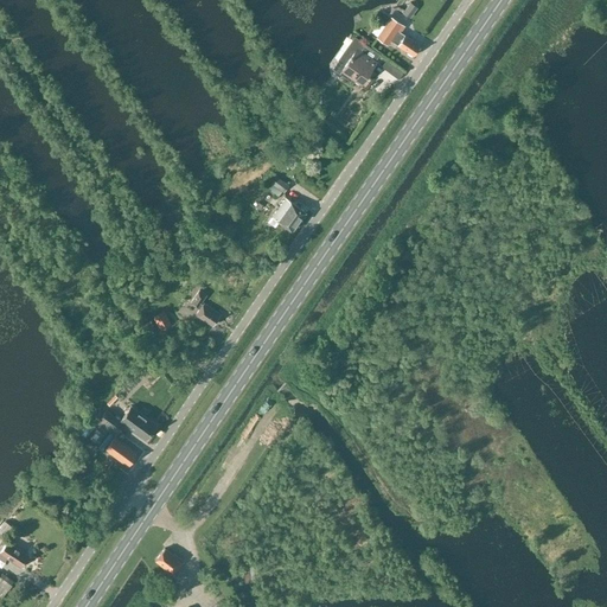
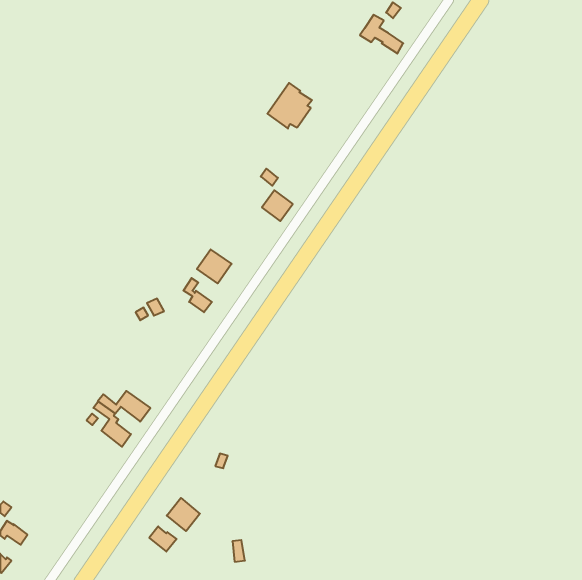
building: [331,38,377,85] -> [267,83,312,129]
building: none -> [197,249,232,283]
building: none -> [167,498,200,531]

